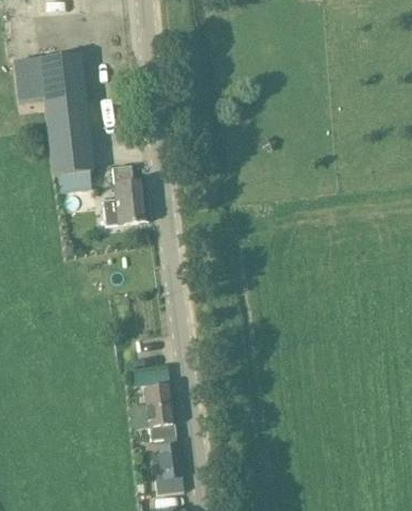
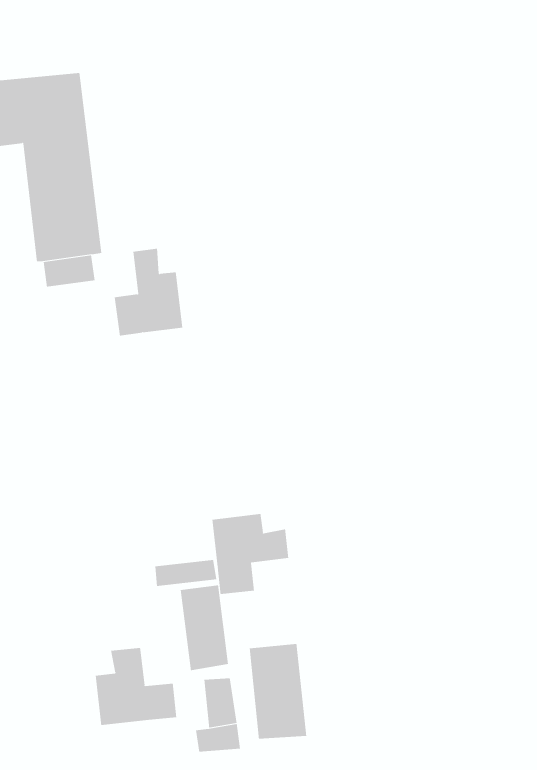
building: none -> [212,513,289,595]
building: none -> [249,643,307,739]
building: none -> [95,647,177,726]

